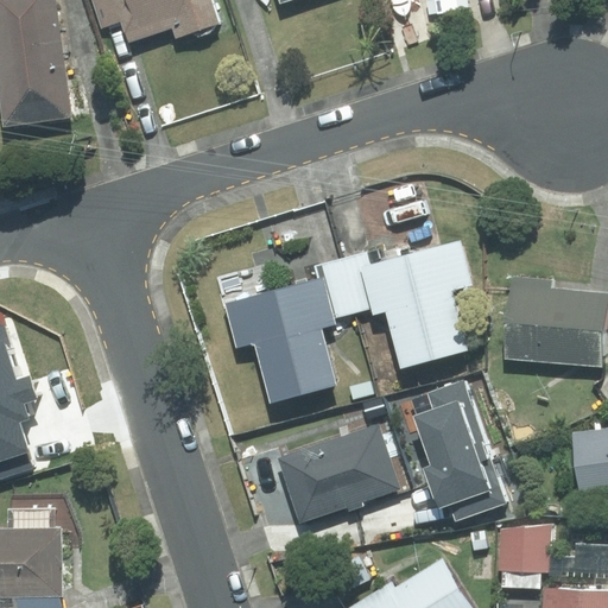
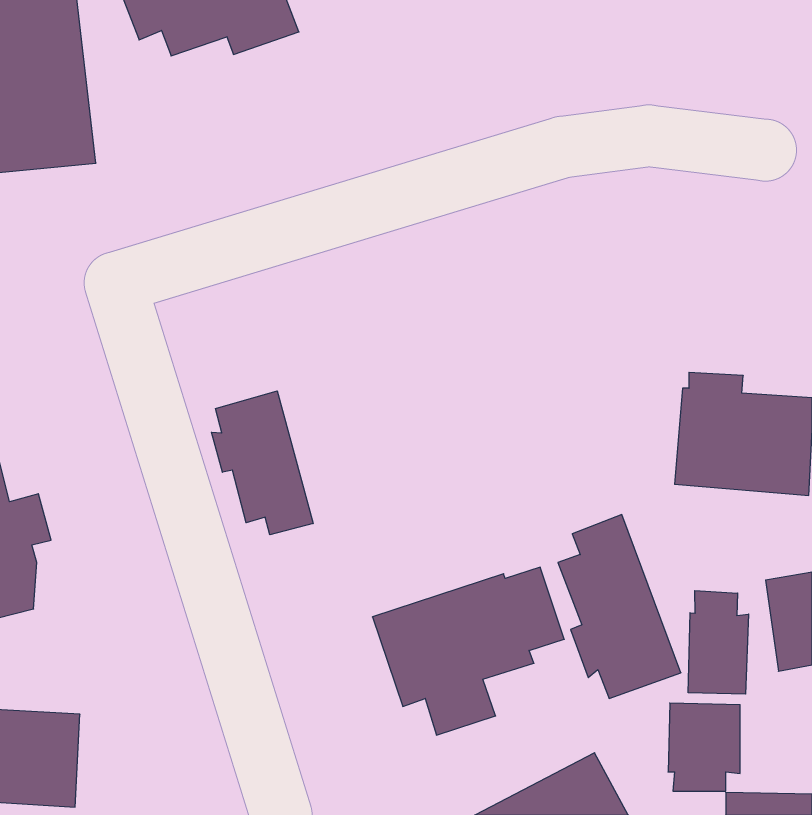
building: [215,242,470,405] -> none
building: none -> [211,391,313,535]
building: none -> [688,591,749,694]

